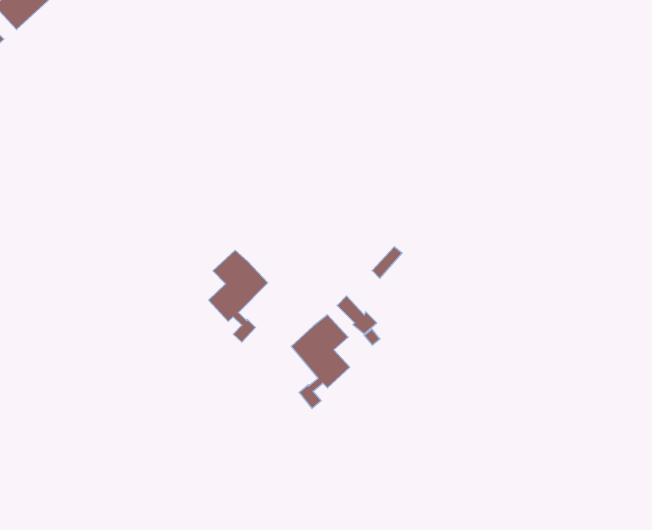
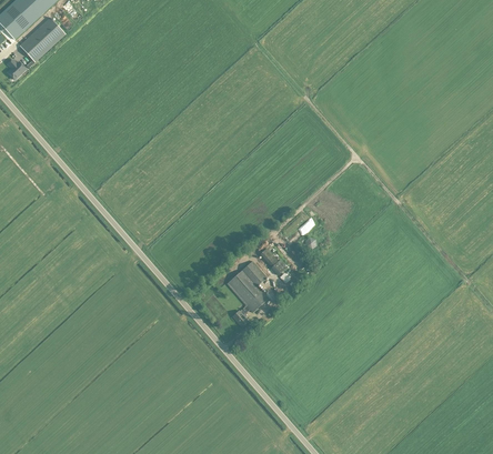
building: [209,250,268,342] -> none

